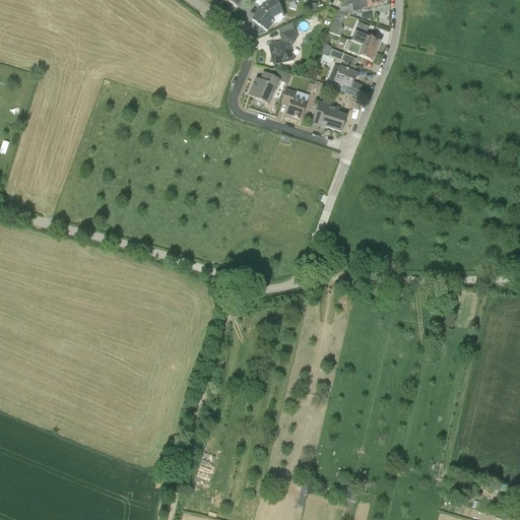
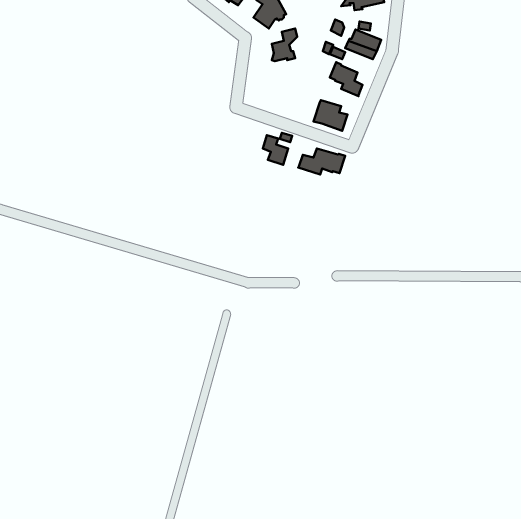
building: [249,70,280,103] -> none
building: [281,87,307,117] -> [263,135,288,165]
building: none -> [298,148,345,174]

